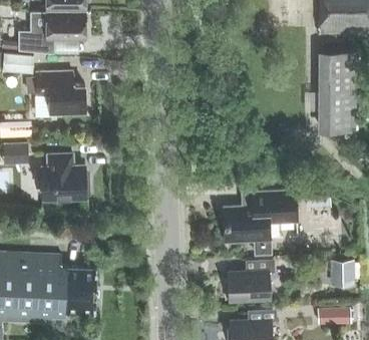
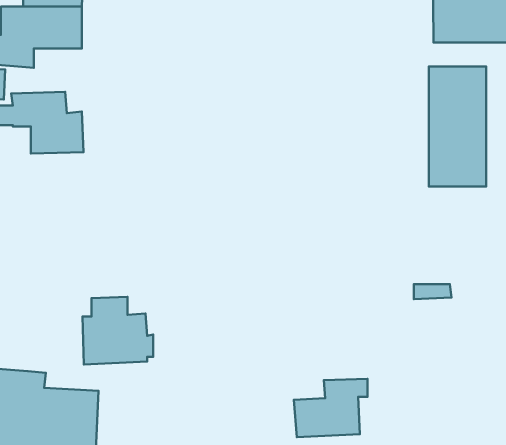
building: [41,153,88,199] -> [82,297,153,364]
building: [223,190,296,254] -> none
building: [330,260,360,285] -> none

